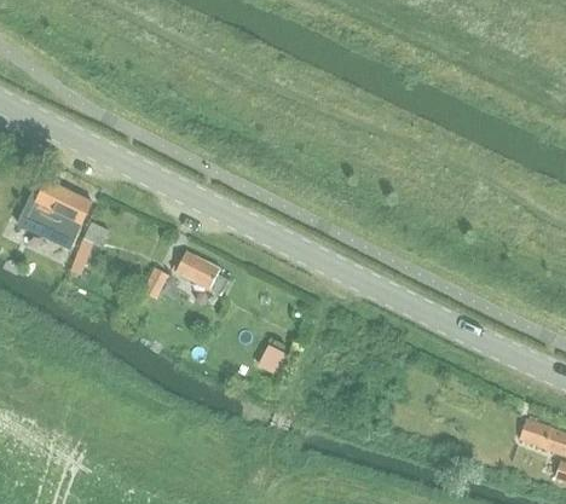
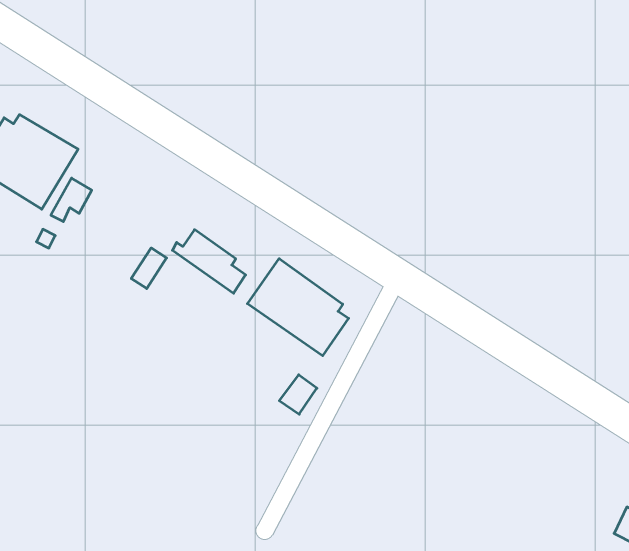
building: none -> [247,259,349,356]

